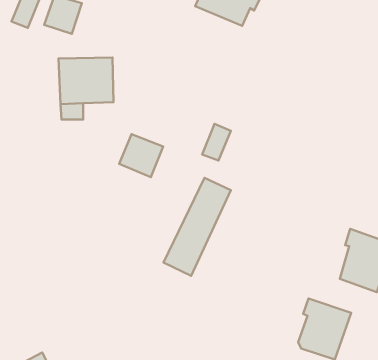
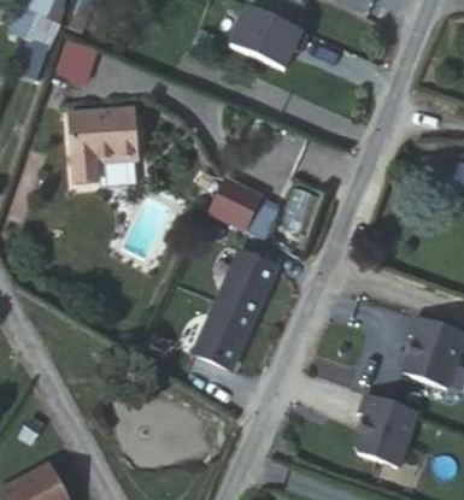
building: [119,134,163,177] -> [202,173,254,224]

